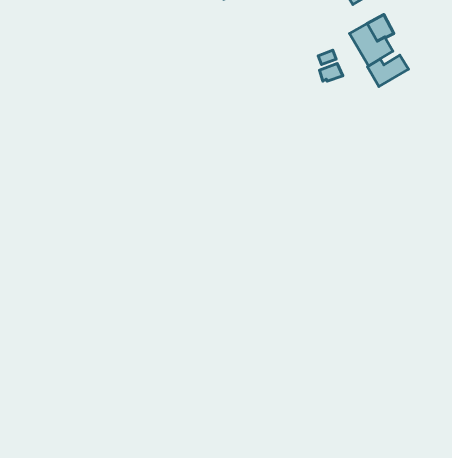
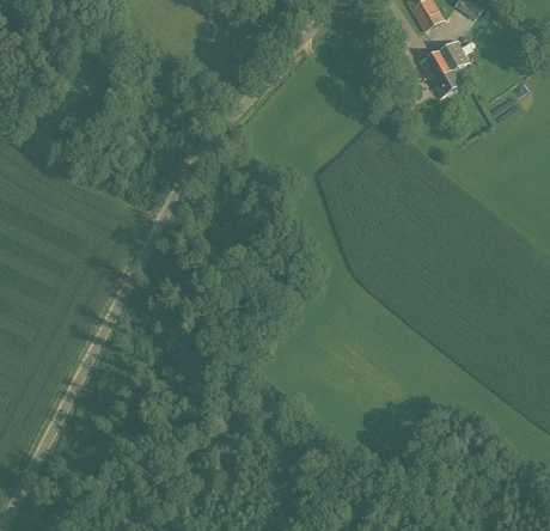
building: [367,55,408,86] -> none

